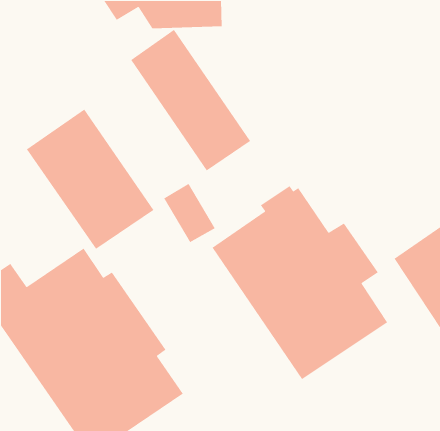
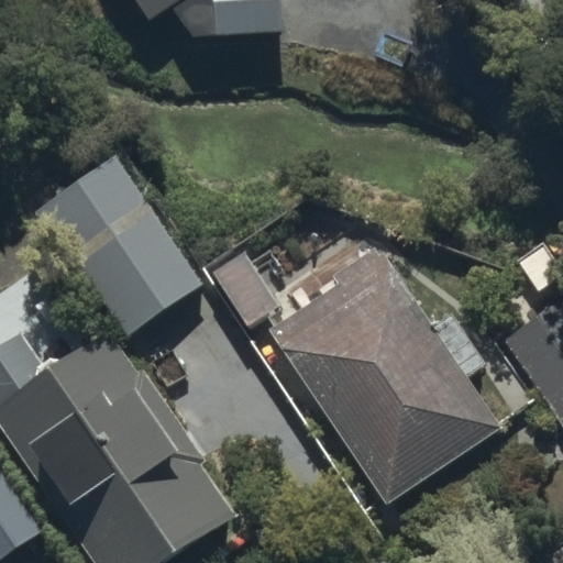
building: [130,29,251,171] -> none

